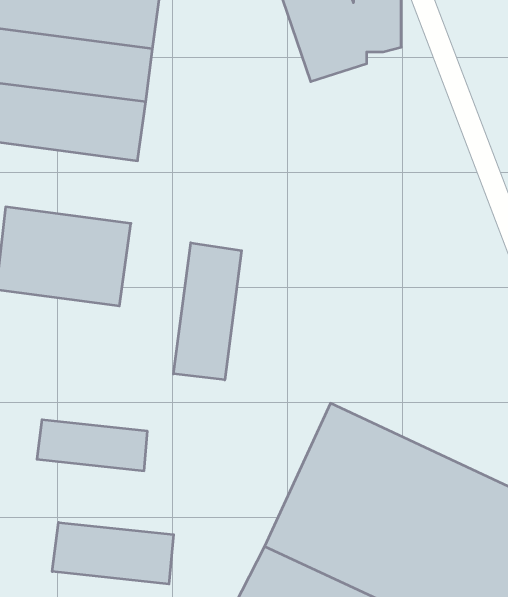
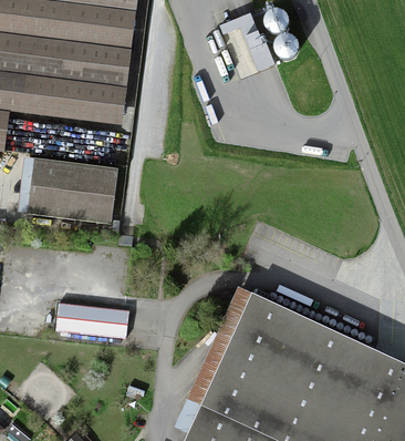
building: [173,243,242,380] -> none
building: [52,522,174,584] -> none

